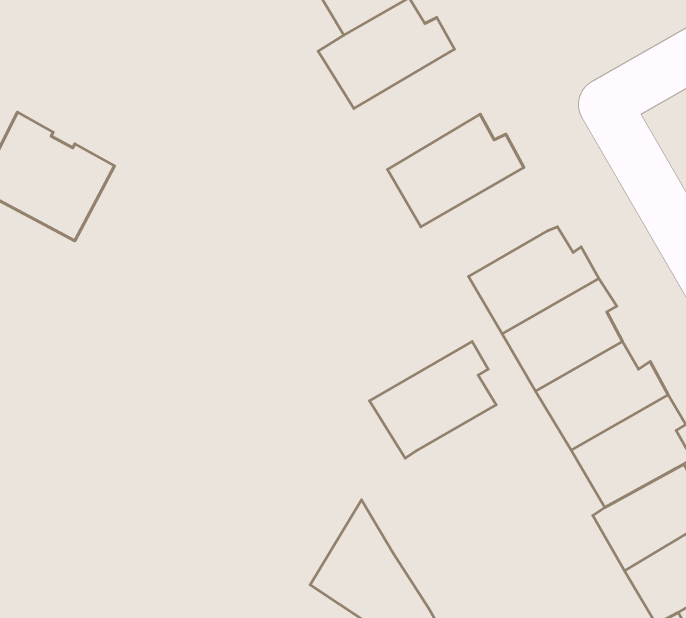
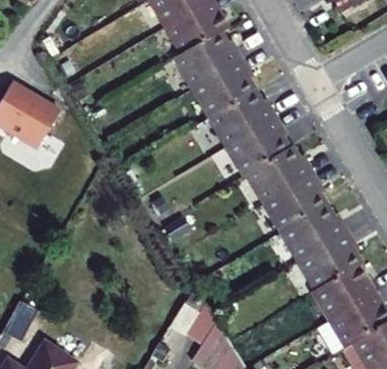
building: none -> [186,52,251,113]
building: [369,342,496,458] -> [221,112,285,171]

